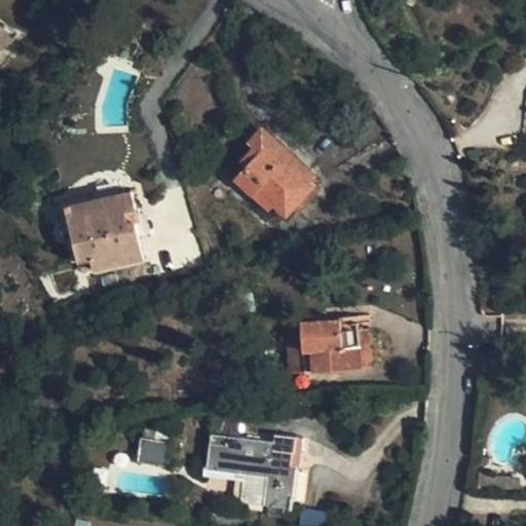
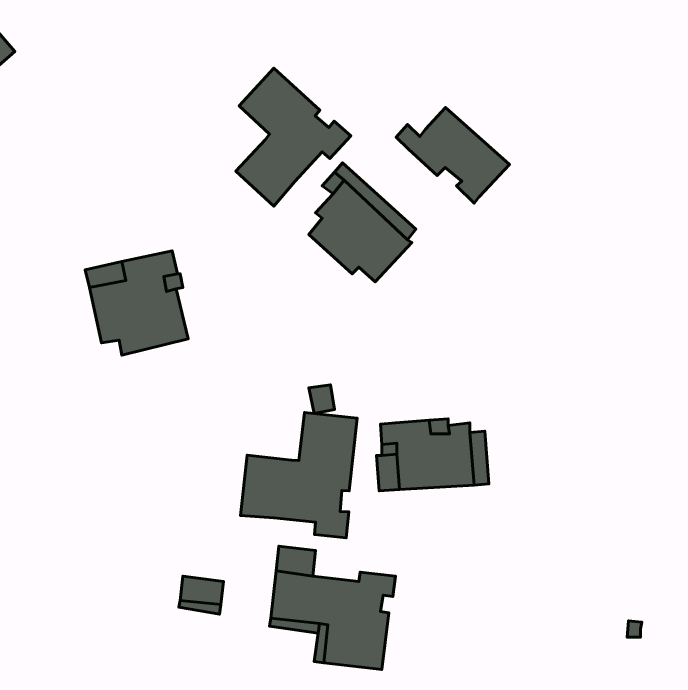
building: none -> [236,68,351,206]
building: none -> [396,108,509,203]
building: none -> [241,412,357,538]

